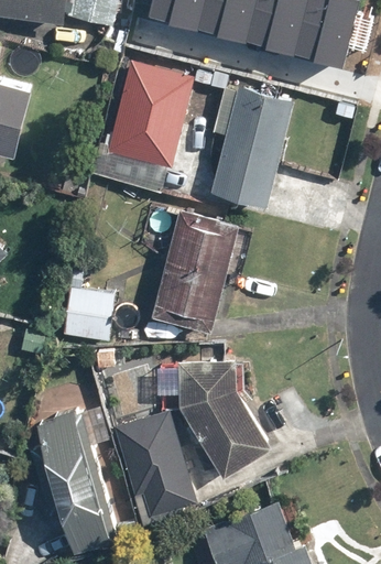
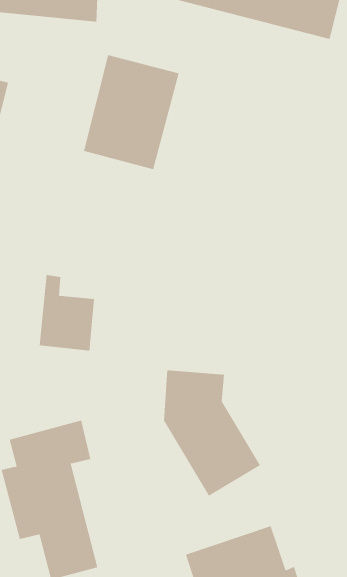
building: [211,86,294,208] -> none
building: [151,212,237,334] -> none
building: [111,411,198,528] -> none

